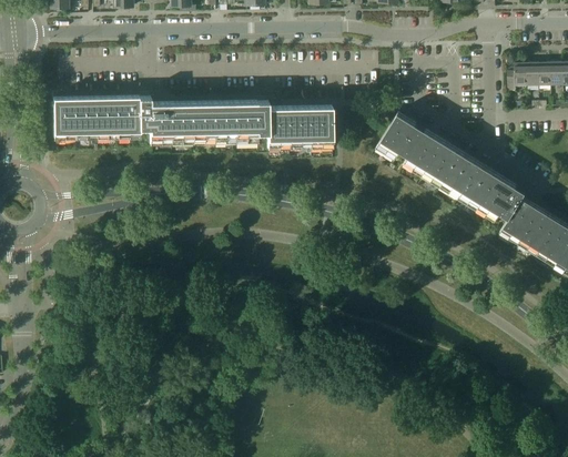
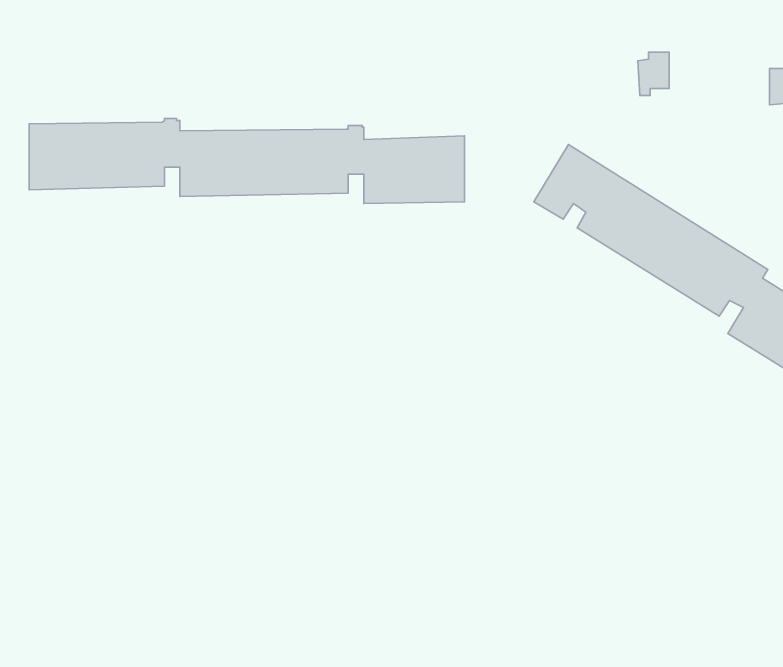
building: [508,62,528,90] -> [638,52,669,96]

